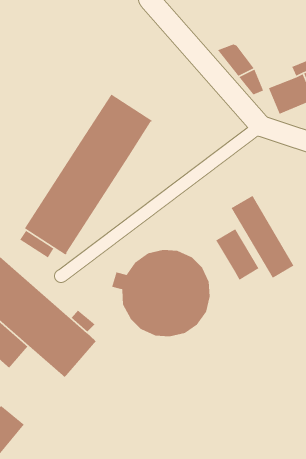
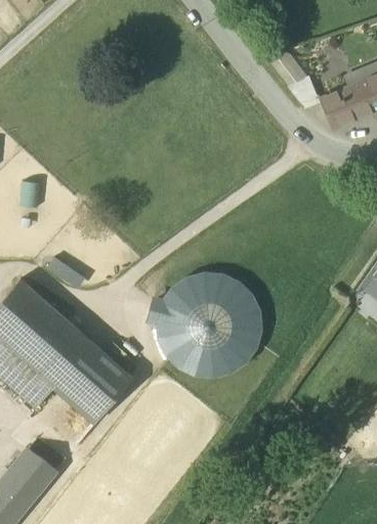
building: [24,93,153,255] -> none
building: [231,195,295,279] -> none
building: [215,228,260,281] -> none

